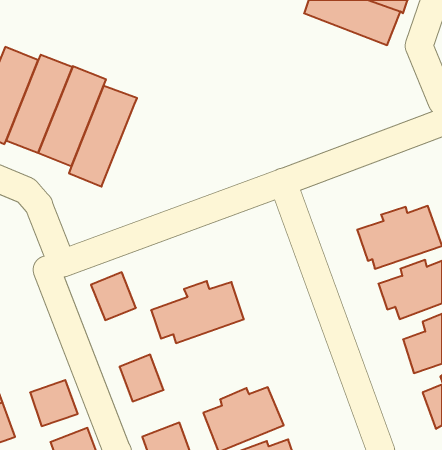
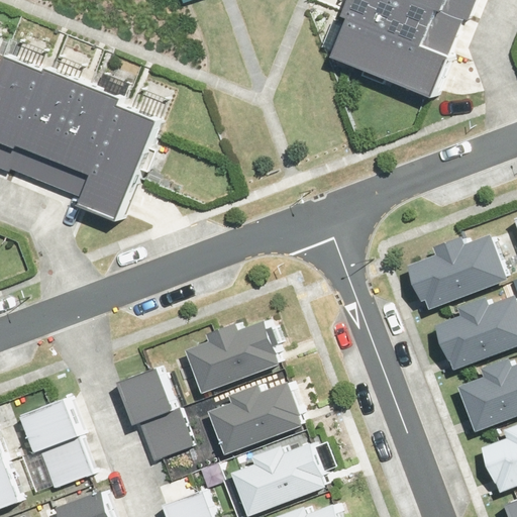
building: none -> [333,17,445,92]
building: [91,272,136,320] -> [120,367,172,421]
building: none -> [209,382,303,454]
building: none -> [20,394,79,450]

